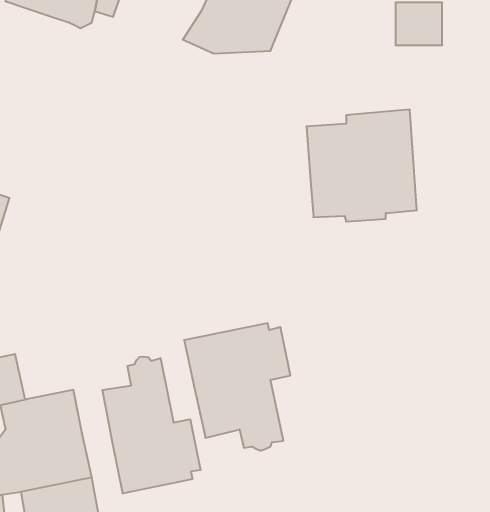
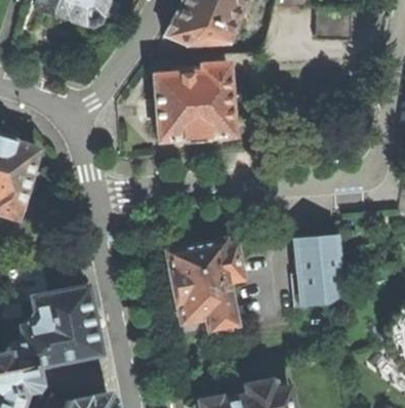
building: [306,110,417,222] -> [155,64,235,145]
building: none -> [293,234,345,309]
building: [102,357,201,494] -> none

